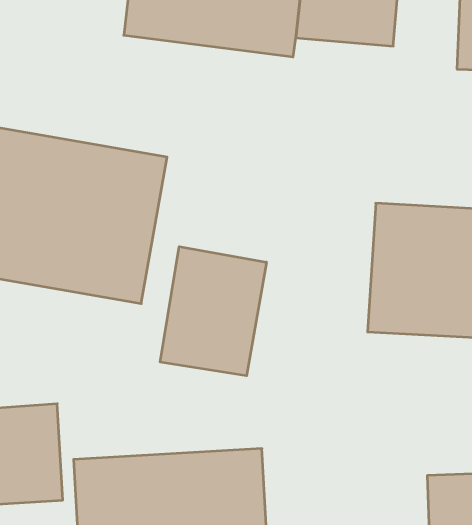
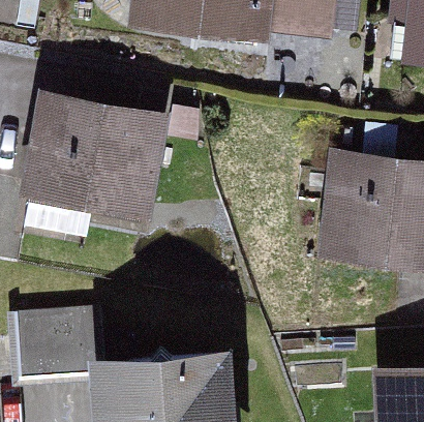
building: [160,247,266,376] -> none

